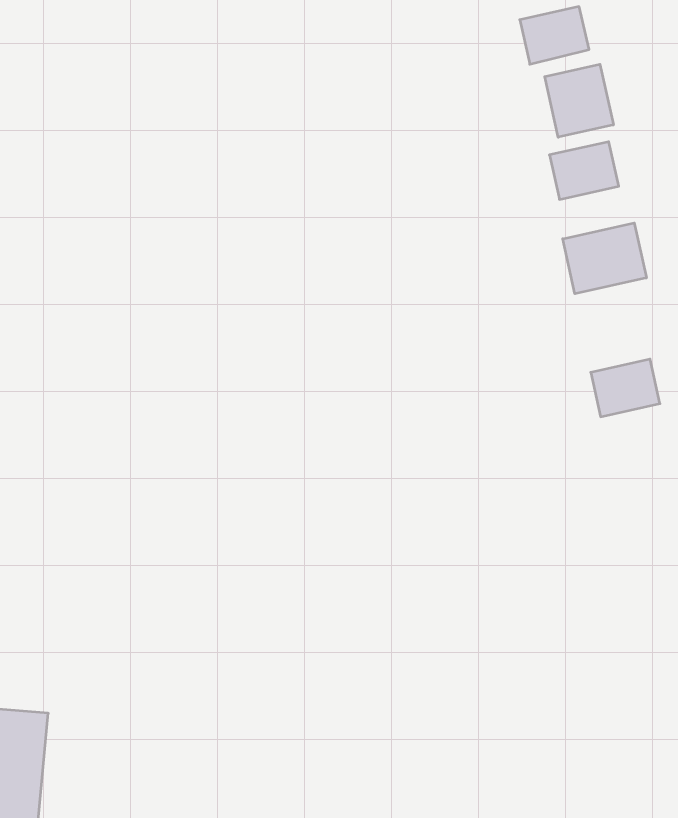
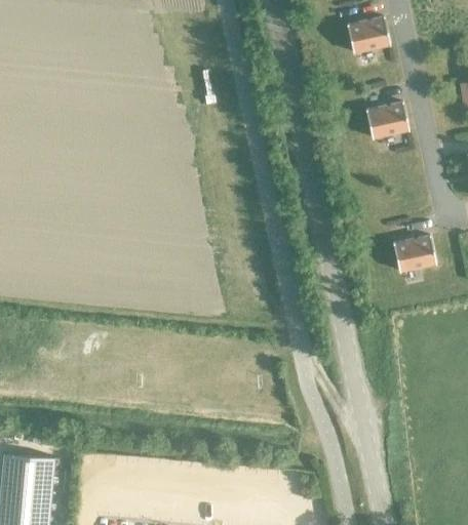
building: [545,64,613,137] -> none
building: [563,223,646,294] -> none

